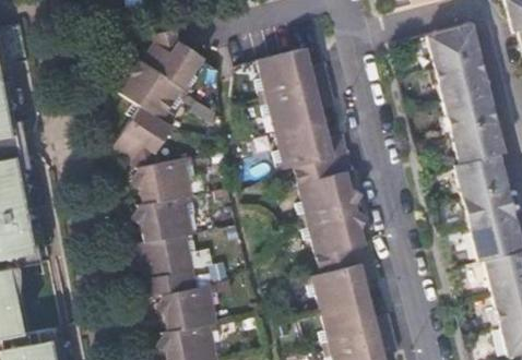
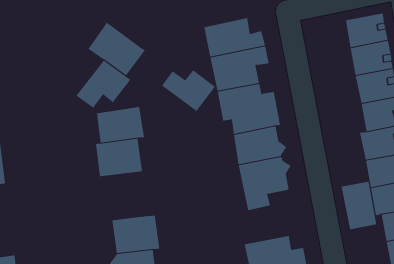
building: [143,38,207,87] -> [161,70,216,112]
building: none -> [341,181,377,230]
building: [138,233,199,295] -> none
building: [310,261,372,311] -> none

